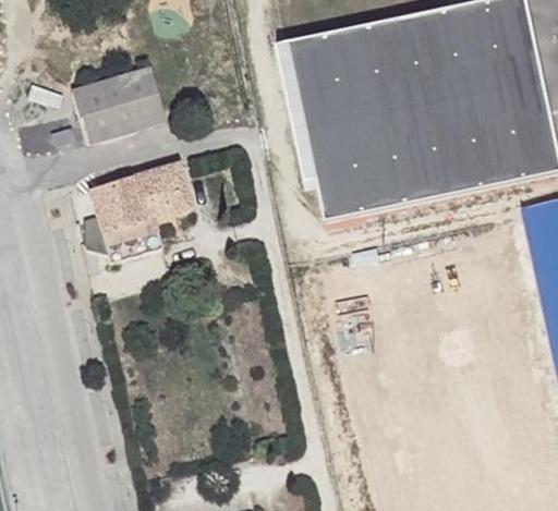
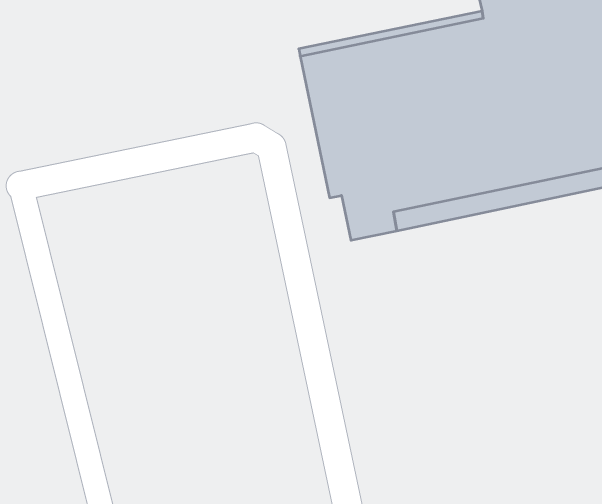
building: [72,63,166,139] -> none
building: [89,161,192,258] -> none

